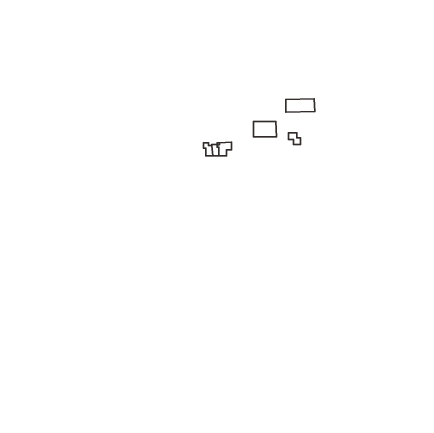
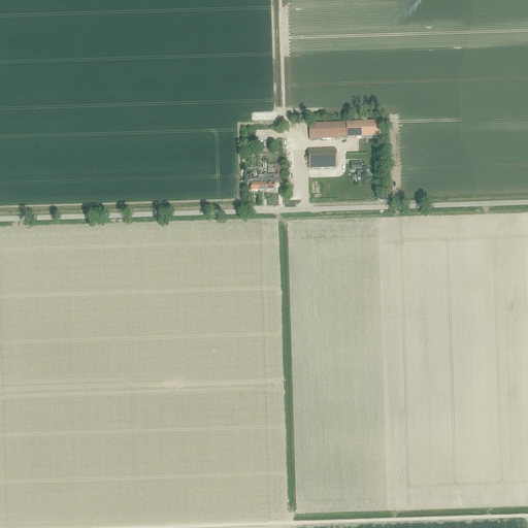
building: none -> [307,121,346,138]

